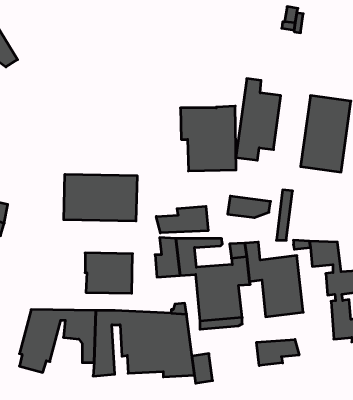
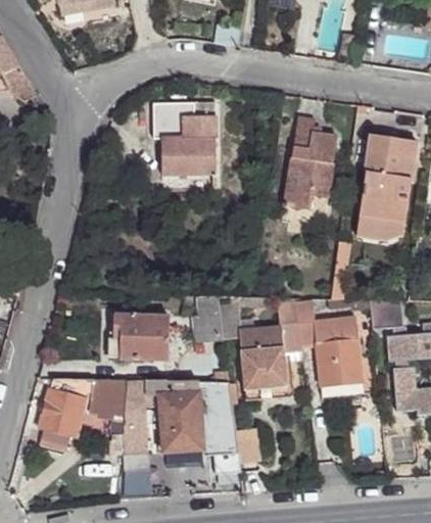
building: [180,106,236,171] -> [152,100,216,174]
building: [64,174,137,221] -> none
building: [228,196,271,218] -> [355,216,404,240]
building: [156,206,208,233] -> none
building: [257,339,299,366] -> none

